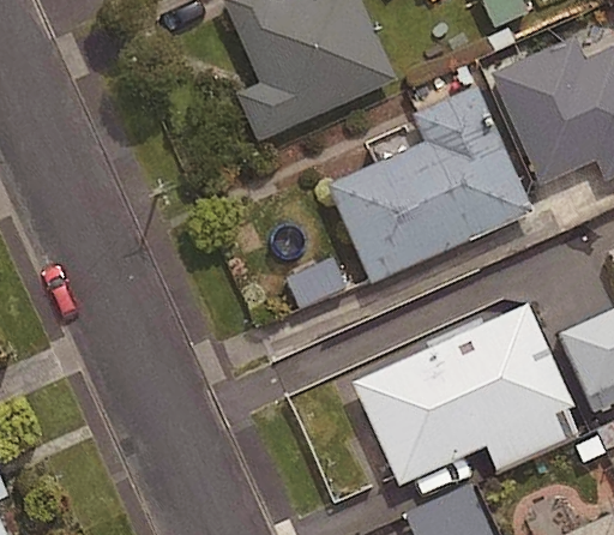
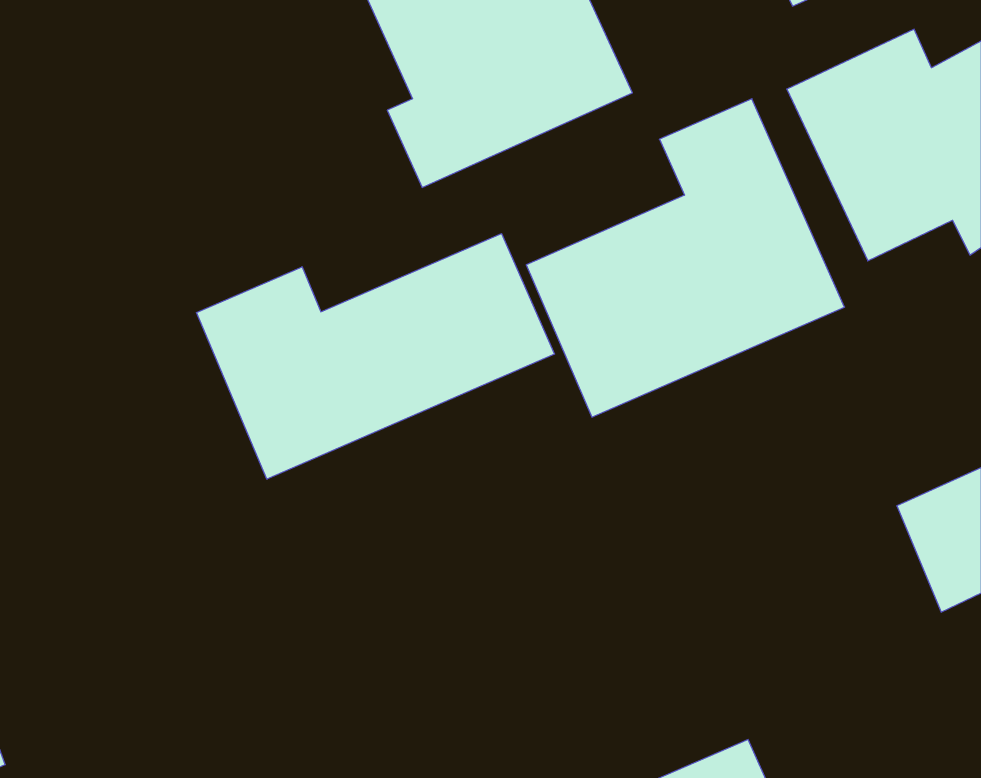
building: none -> [197,234,555,479]
building: [354,305,582,483] -> none

